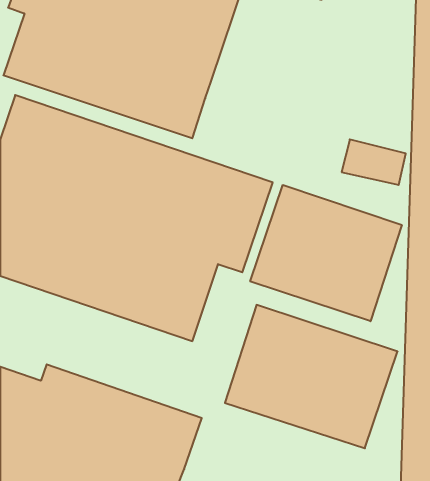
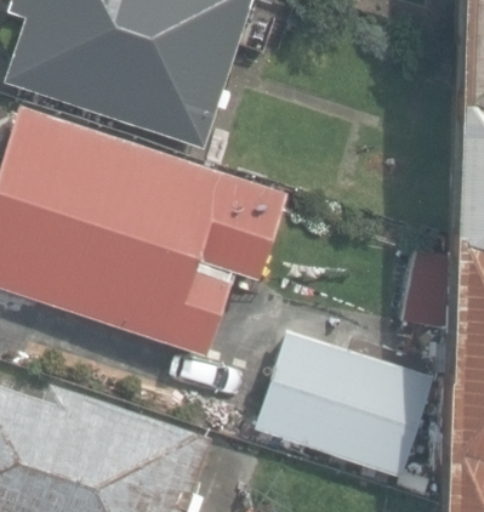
building: [250,185,402,321] -> none

